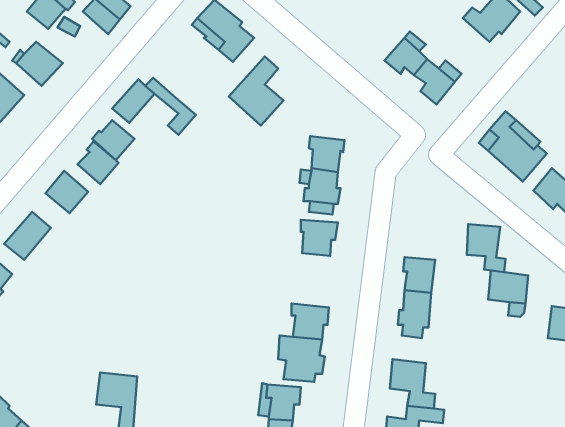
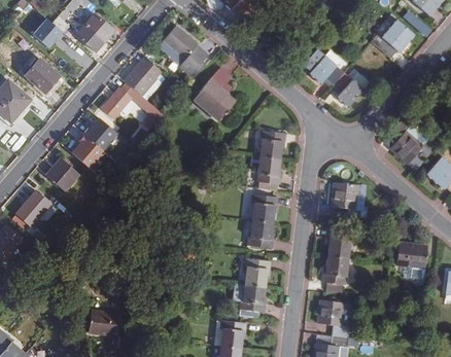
building: none -> [124,55,164,101]
building: [467,224,505,272] -> [328,177,358,214]
building: none -> [240,221,270,249]

